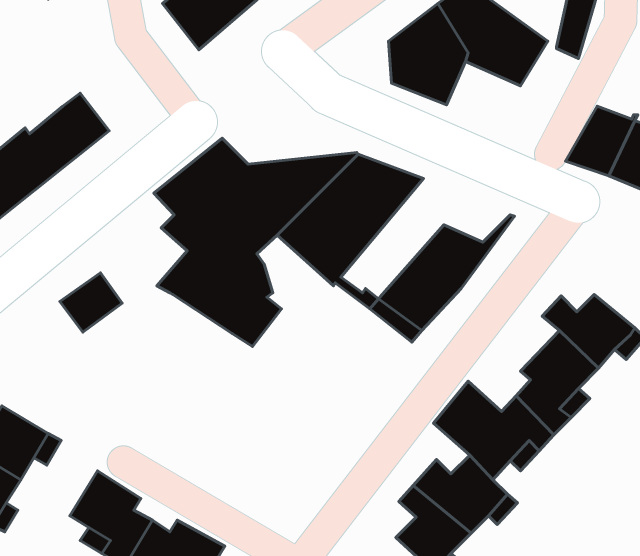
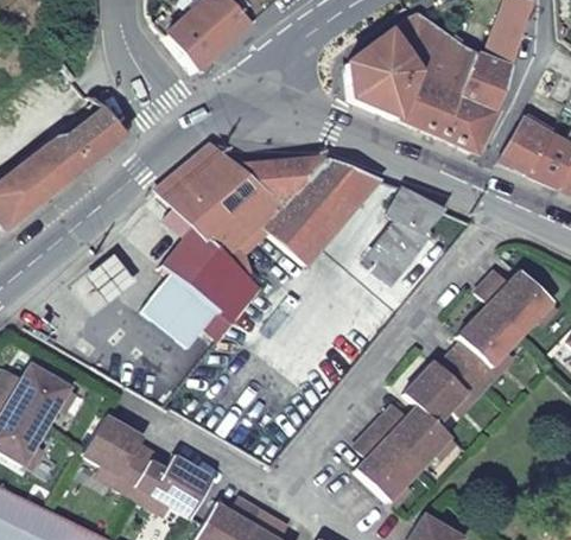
building: none -> [398,64,506,152]
building: none -> [388,188,450,229]
building: none -> [147,272,222,343]

